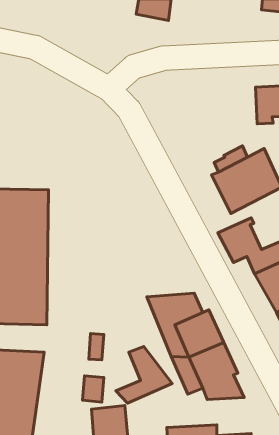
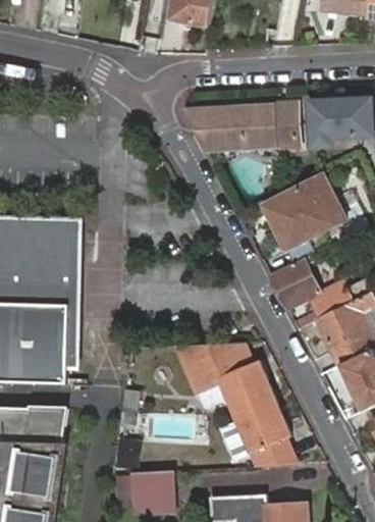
building: none -> [182,103,299,150]
building: [116,346,172,403] -> none

